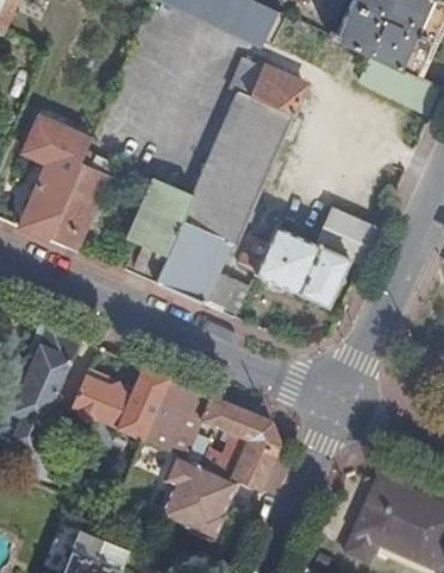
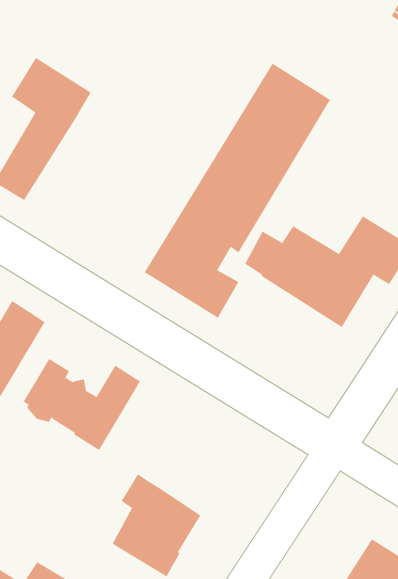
building: [230,58,305,117] -> none
building: [48,153,111,251] -> none
building: [127,177,194,285] -> none
building: [140,374,279,490] -> none

